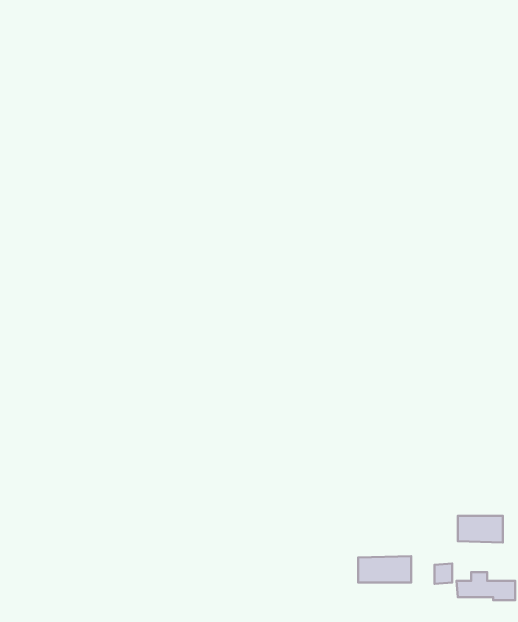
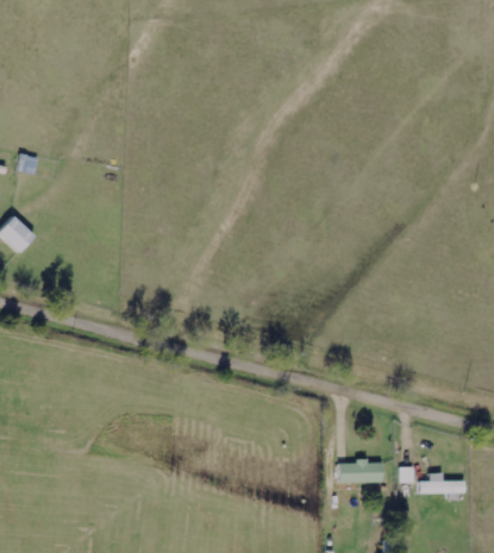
building: [458,516,503,543] -> none

